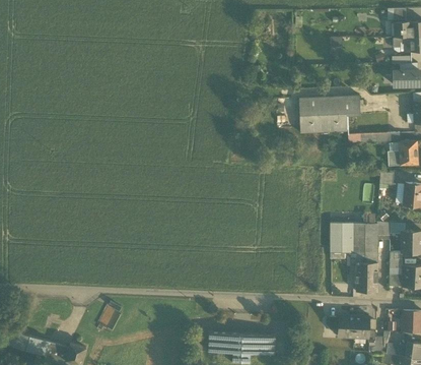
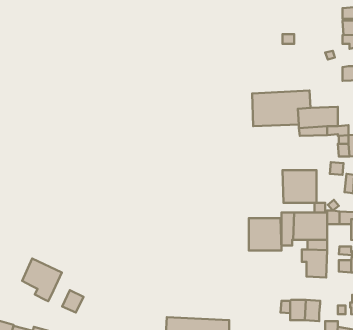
building: none -> [283,170,317,203]
building: none -> [249,218,282,250]
building: none -> [22,259,62,301]

